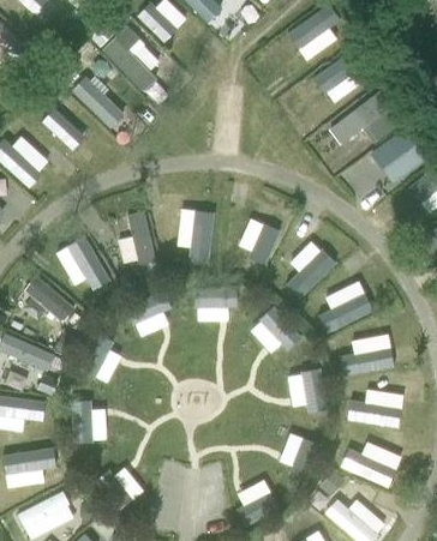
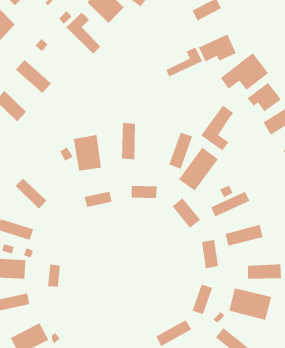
building: [72,76,126,130] -> none
building: none -> [165,47,203,77]
building: none -> [200,104,234,151]
building: [65,235,110,293] -> none

